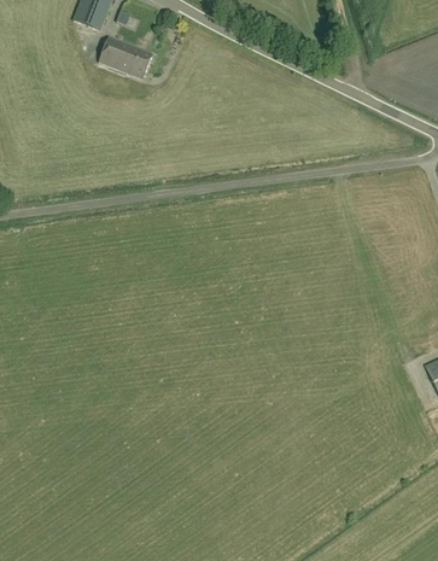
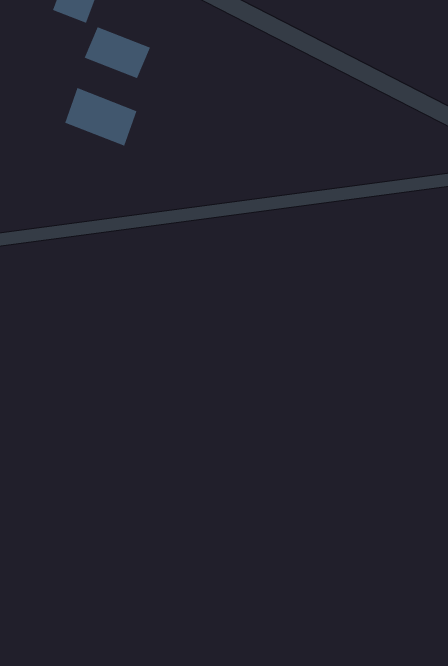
building: none -> [65,87,137,147]

